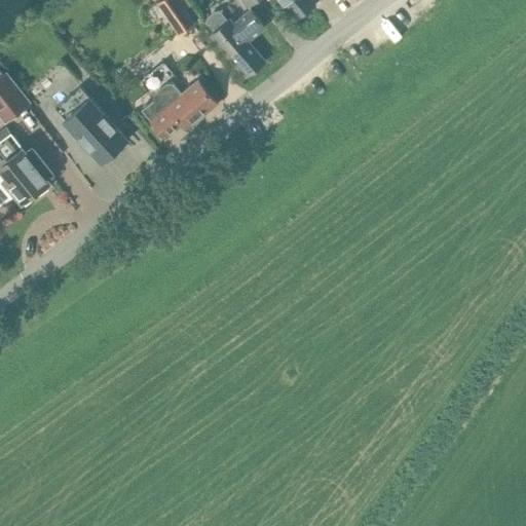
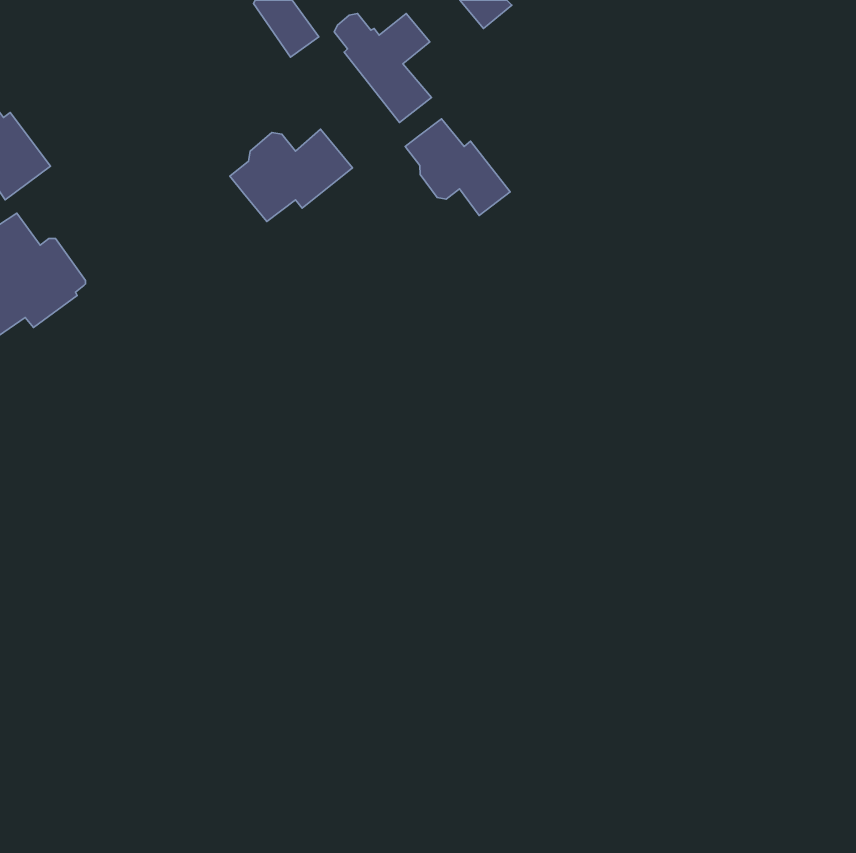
building: none -> [405,119,510,215]
building: [53,87,125,163] -> none

